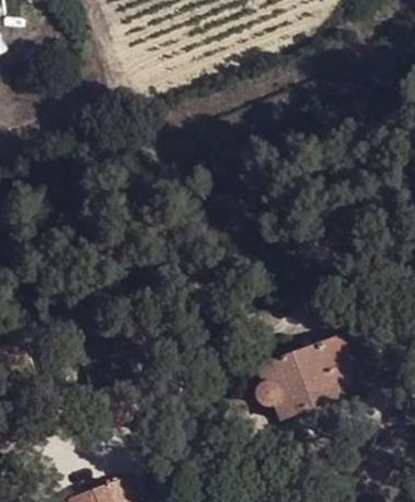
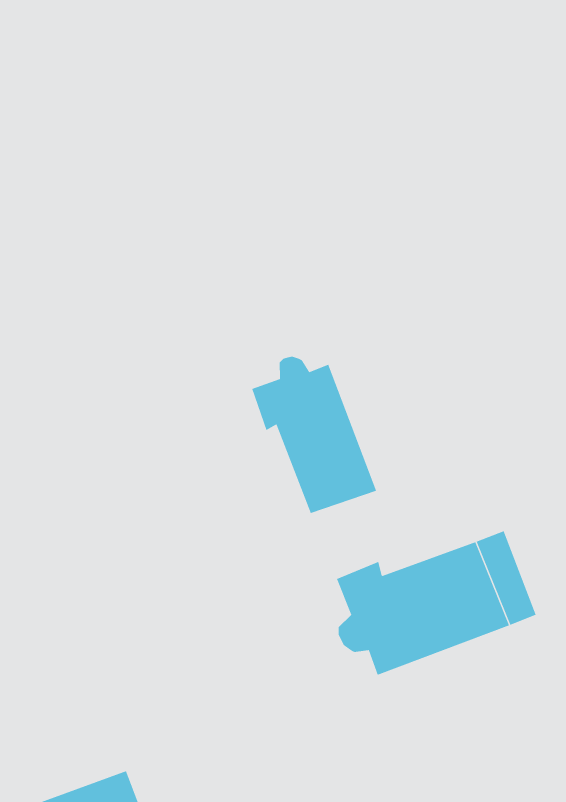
building: none -> [251,356,377,514]

